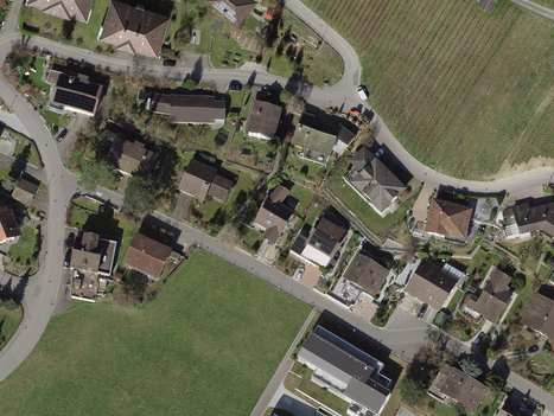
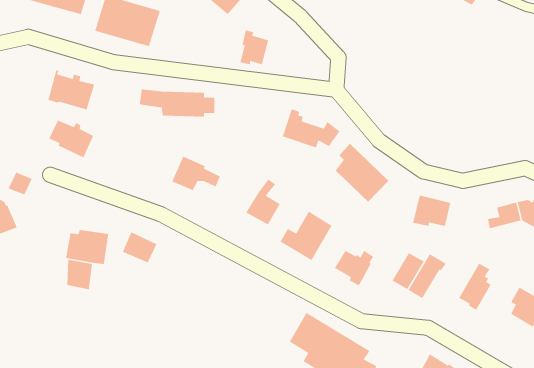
building: [248,100,279,136] -> [239,30,269,65]
building: [107,142,154,183] -> [48,119,94,159]

